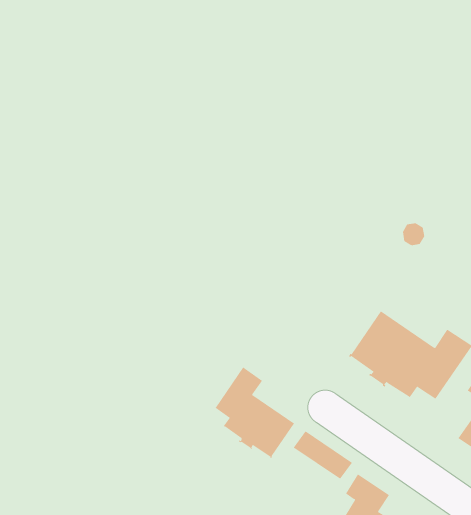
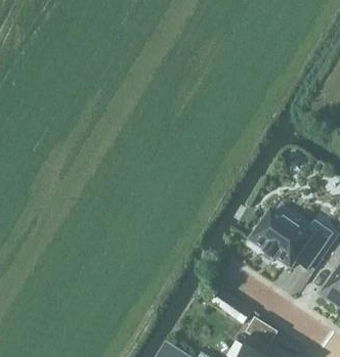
building: [215,366,295,459] -> none

